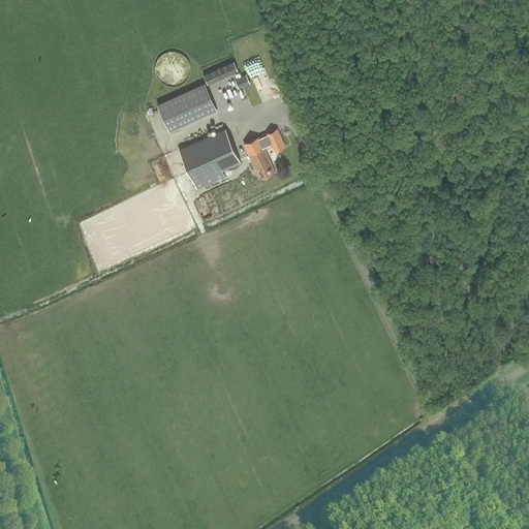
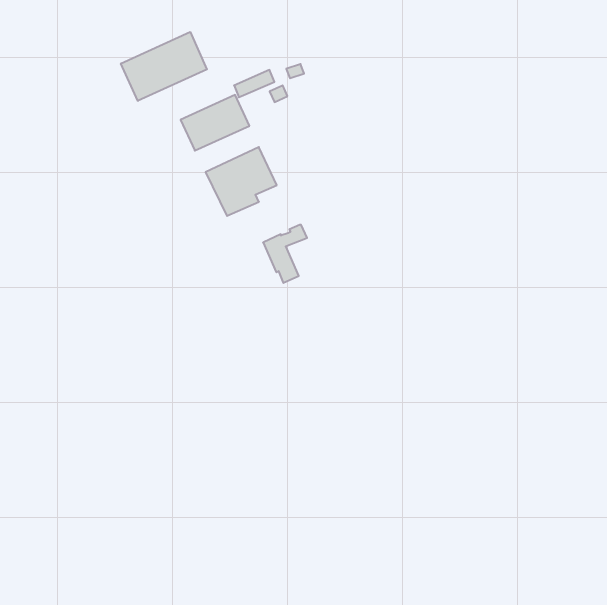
building: none -> [121,32,207,101]
building: [244,129,282,180] -> [263,225,307,283]

